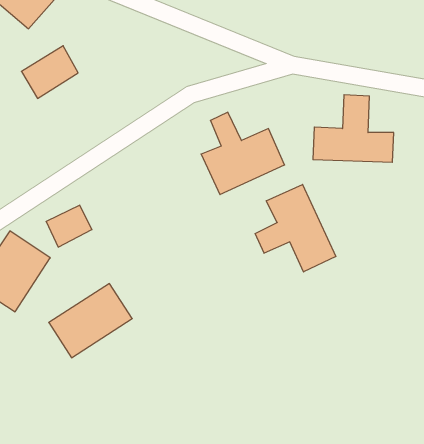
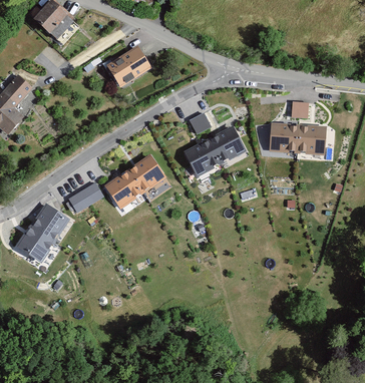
building: [21,46,78,98] -> [105,52,147,91]
building: [255,184,336,272] -> none
building: [49,284,132,358] -> [105,152,167,208]

